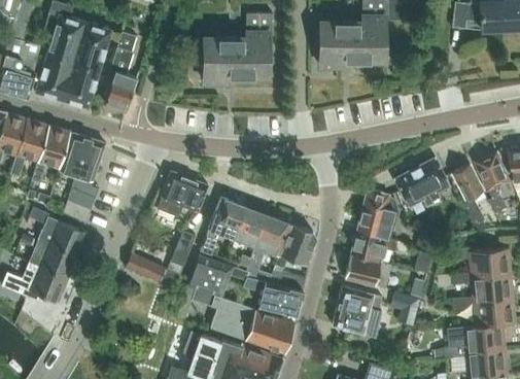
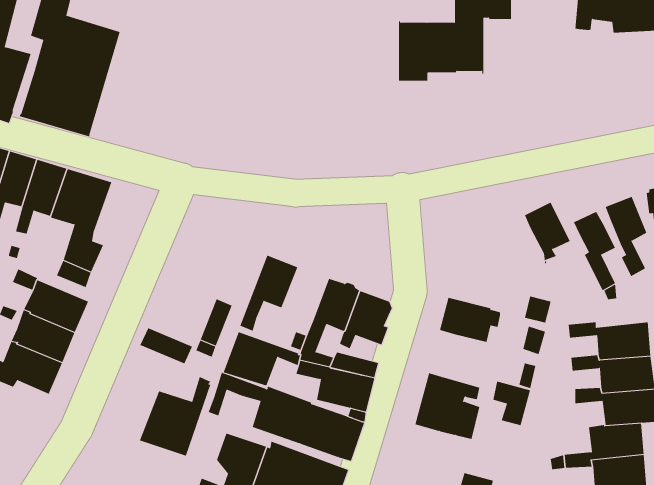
building: [204,13,273,83] -> none
building: [105,32,137,111] -> none
building: [394,168,430,207] -> none
building: [159,171,208,217] -> none
building: [357,191,397,238] -> none
building: [233,206,268,246] -> none
building: [345,254,391,288] -> none
building: none -> [139,376,211,457]

